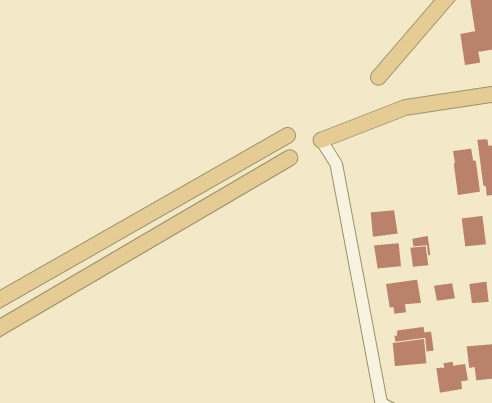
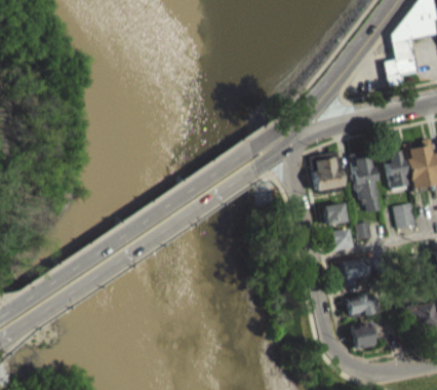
building: none -> [309,152,343,194]
building: none -> [353,157,381,212]
building: [436,361,469,393] -> [352,323,379,349]

